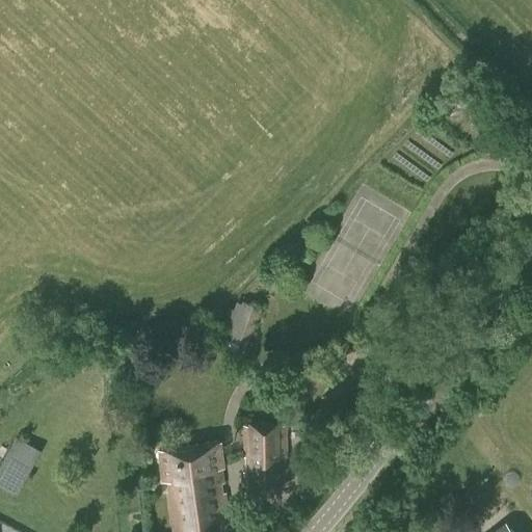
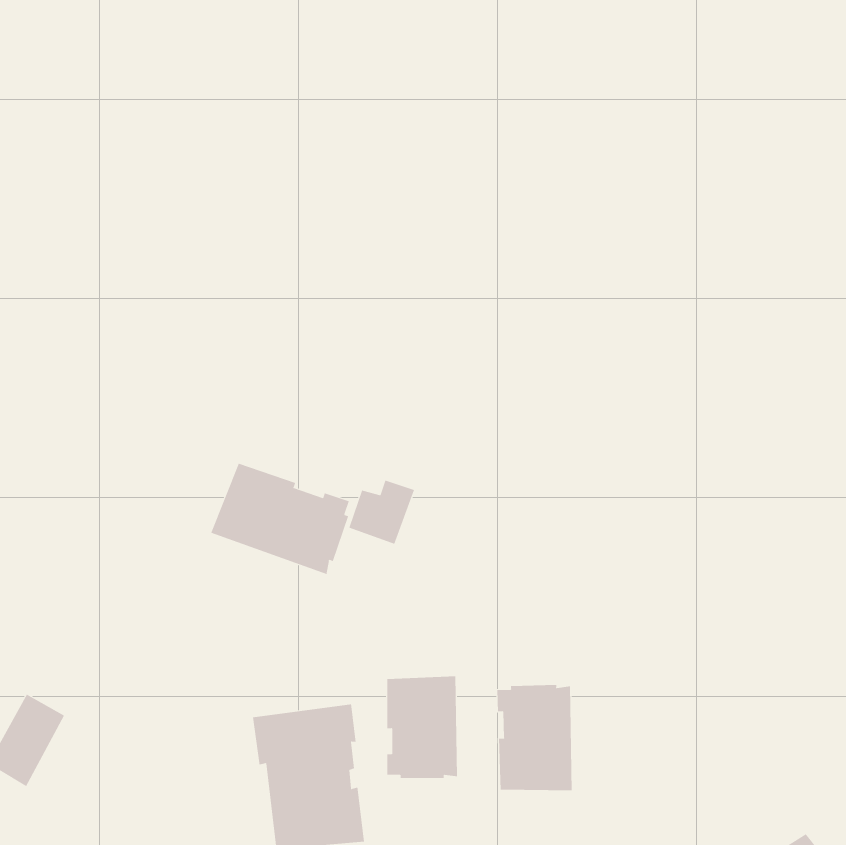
building: none -> [210,463,349,575]
building: none -> [497,684,572,791]

